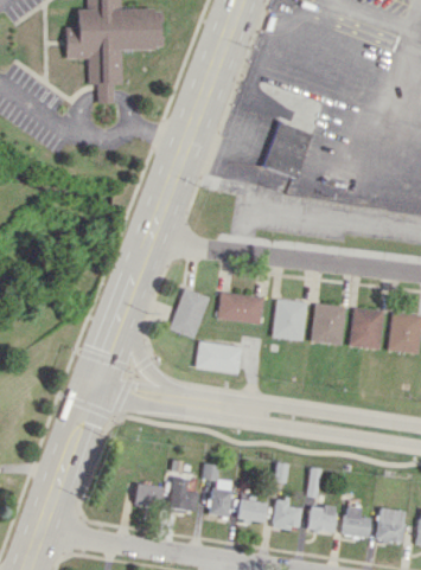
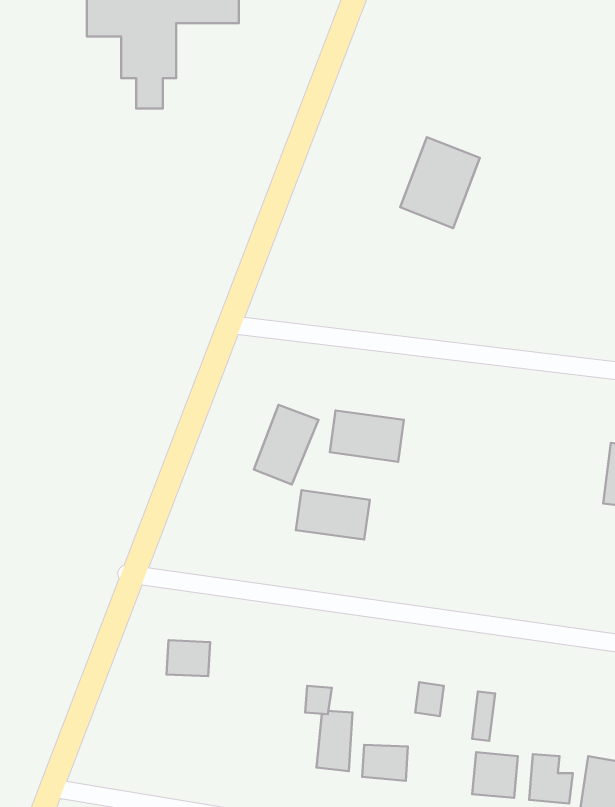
building: [274,299,308,340] -> none
building: [312,303,346,344] -> none
building: [350,307,385,348] -> none
building: [171,478,197,511] -> none
building: [135,485,162,507] -> [167,640,210,676]
building: [273,498,301,530] -> none

